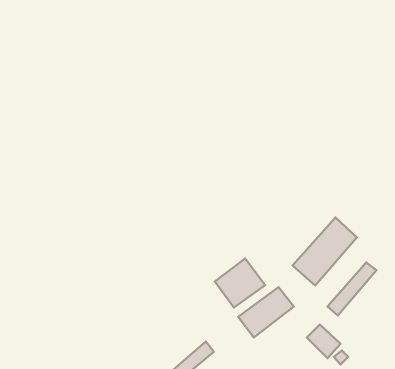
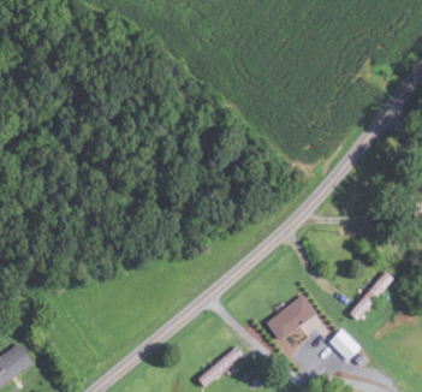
building: [292,218,357,285] -> none
building: [215,258,265,307] -> none

